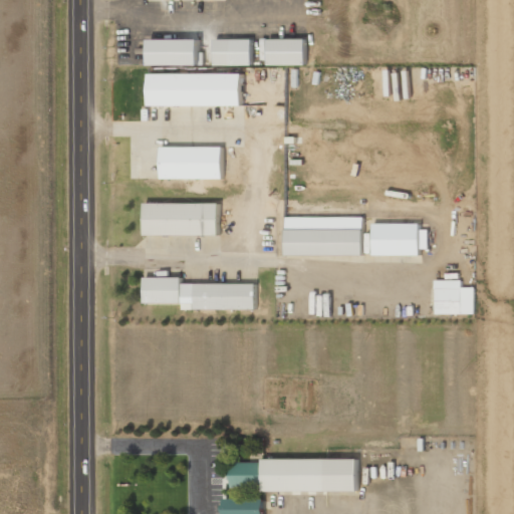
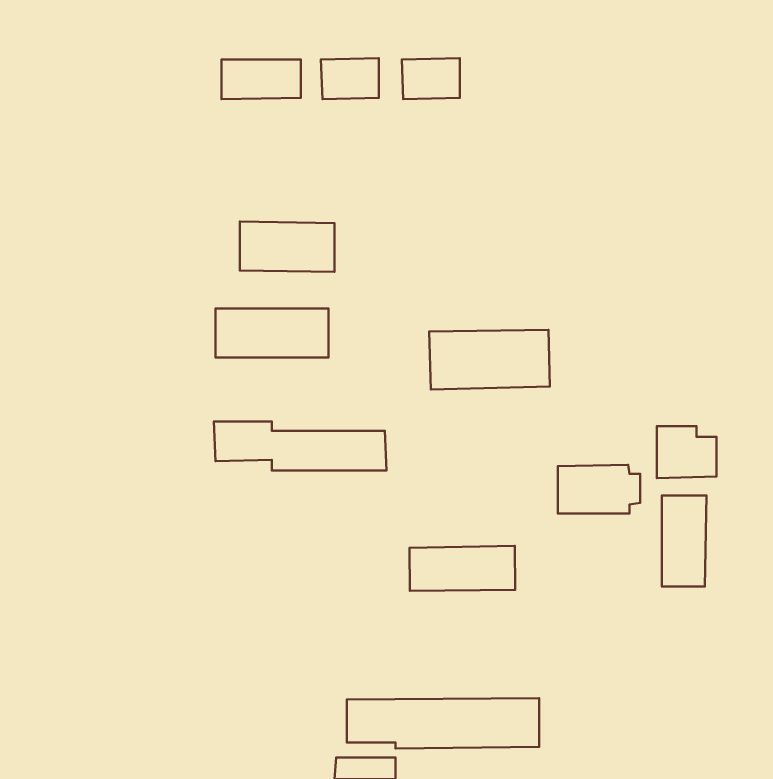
building: [146,73,240,105] -> none
building: [370,223,425,255] -> [558,465,640,514]
building: none -> [662,496,707,586]
building: none -> [410,546,515,591]

